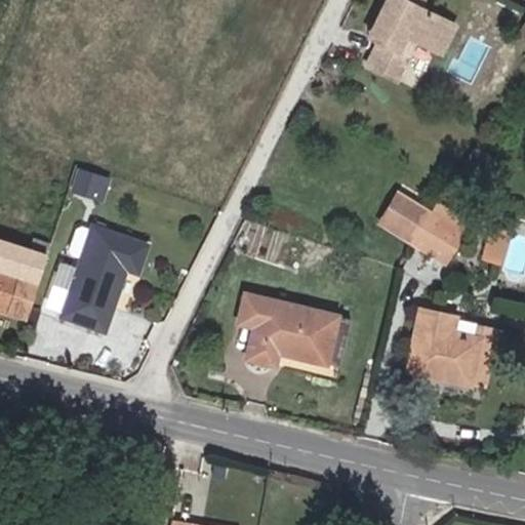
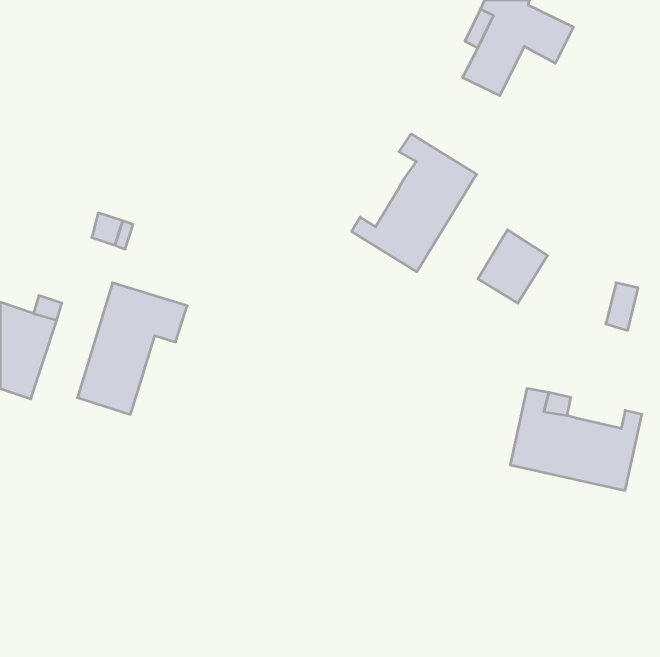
building: none -> [352,134,477,272]
building: [411,205,469,264] -> none
building: [237,293,348,366] -> none

